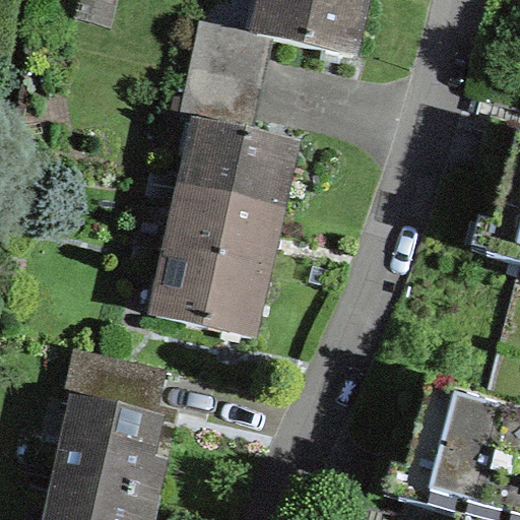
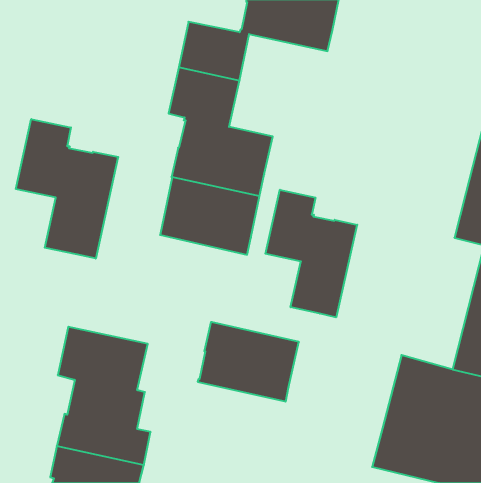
building: none -> [16,119,118,259]
building: none -> [265,190,357,317]
building: [159,252,268,337] -> [198,322,299,402]

